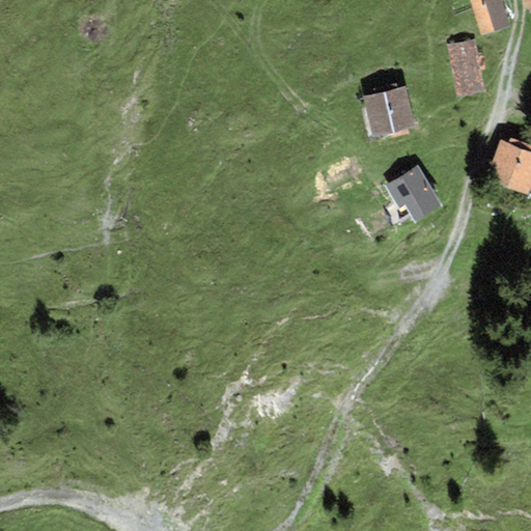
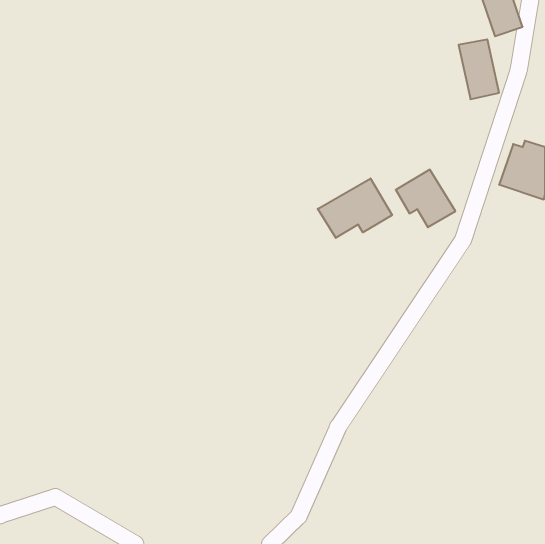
building: [363,85,415,138] -> none
building: none -> [318,178,392,238]

